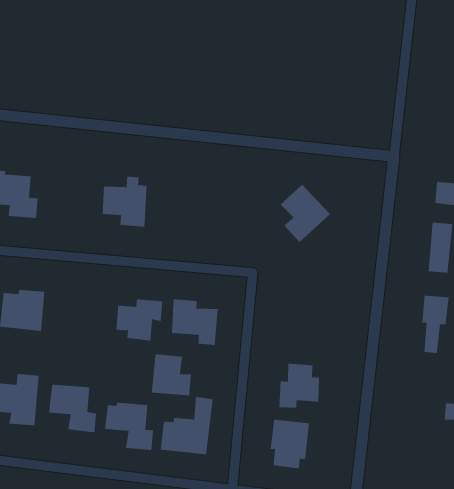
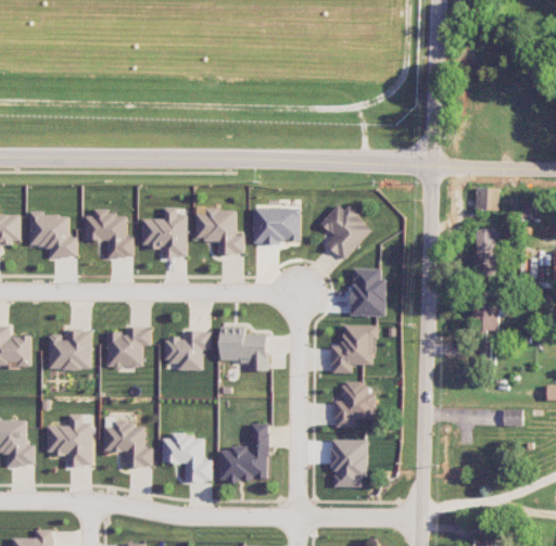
building: none -> [83,208,132,257]
building: none -> [194,208,243,254]
building: none -> [252,208,299,243]
building: none -> [350,268,384,316]
building: none -> [105,327,150,368]
building: none -> [330,326,374,372]
building: [151,353,191,396] -> none

